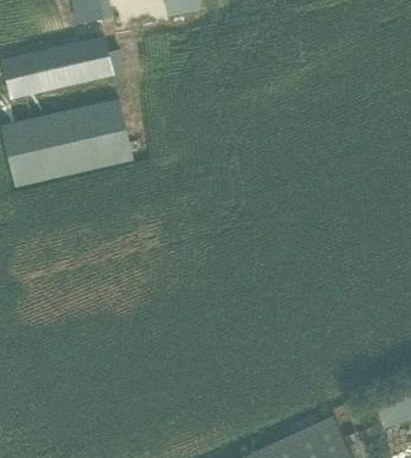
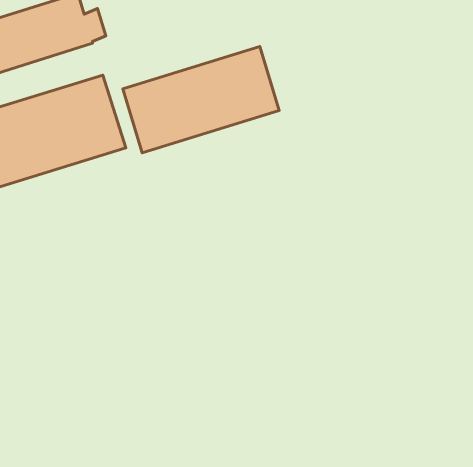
building: none -> [123,47,279,153]

